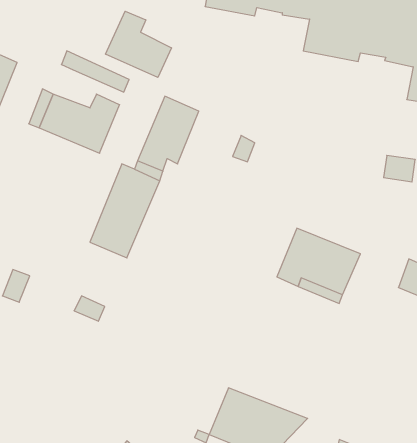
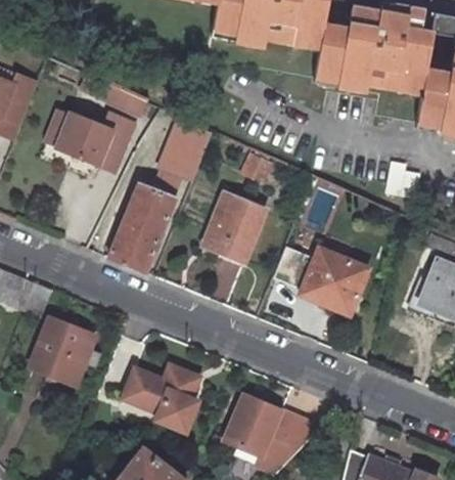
building: [106,11,171,77] -> none
building: none -> [209,193,266,262]
building: none -> [26,319,92,388]
building: none -> [126,367,199,433]

